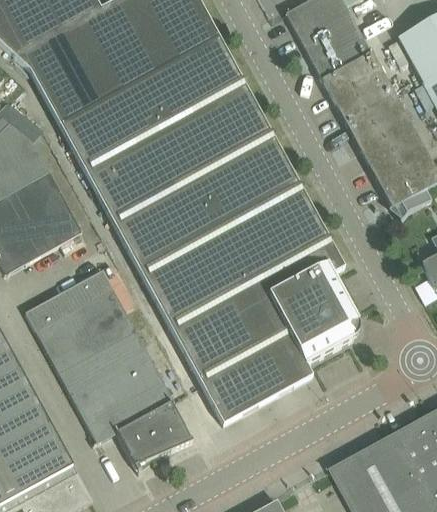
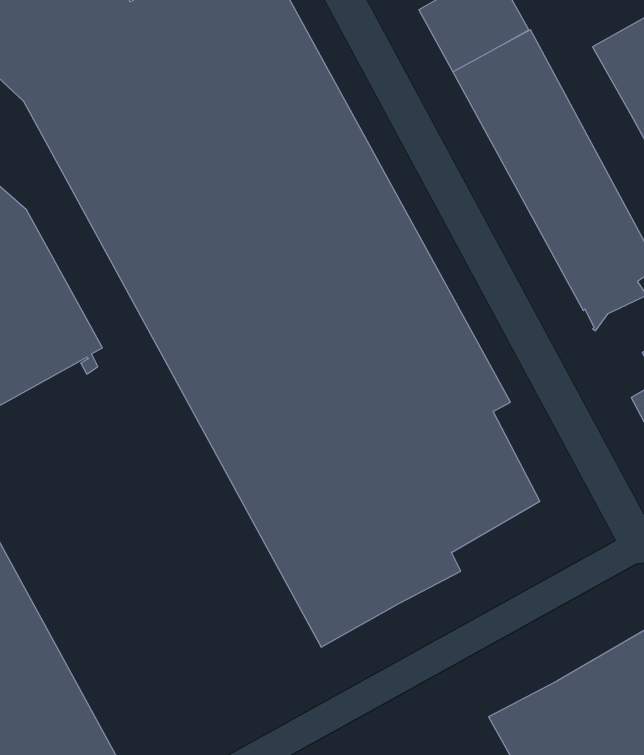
building: [25,268,192,471] -> none

